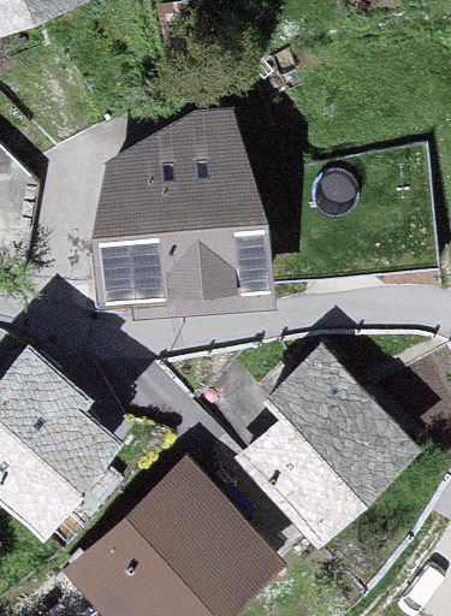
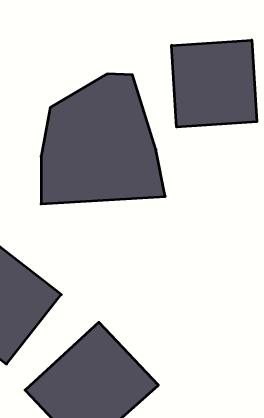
building: none -> [172,40,257,127]
building: [249,361,410,535] -> none

